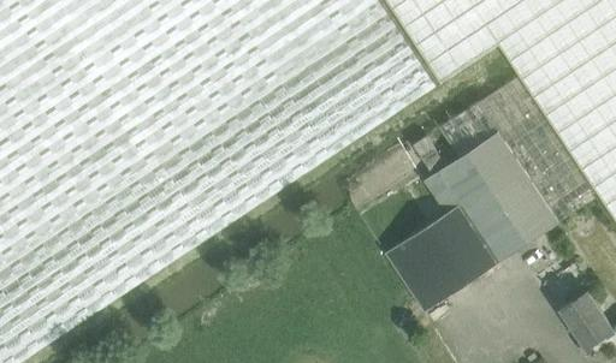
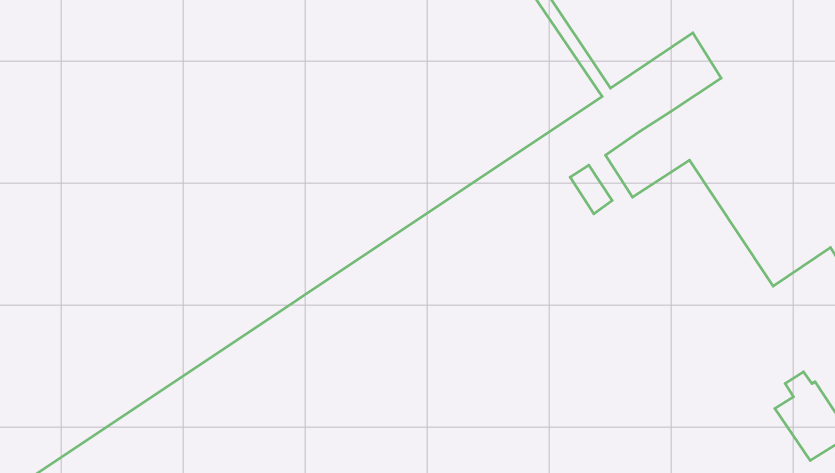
building: [387,131,559,310] -> none

